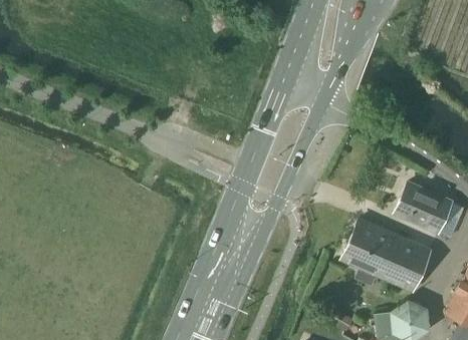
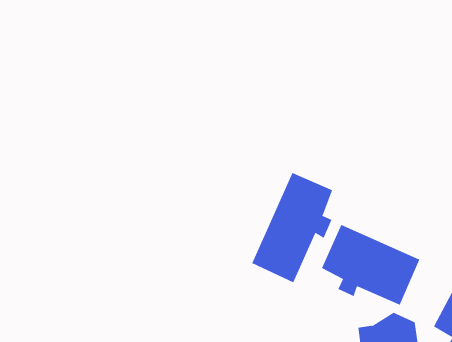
building: none -> [251,172,333,283]
building: [396,183,453,233] -> none

